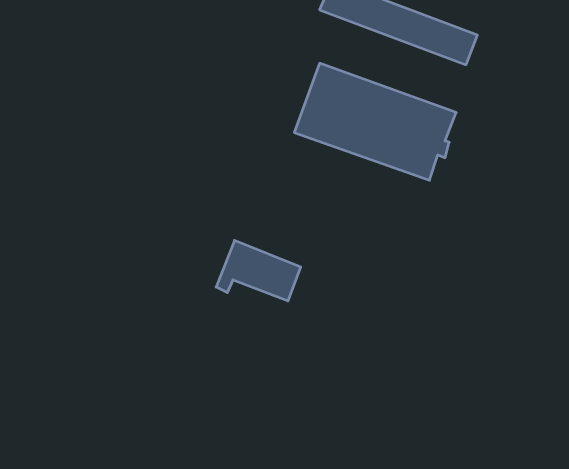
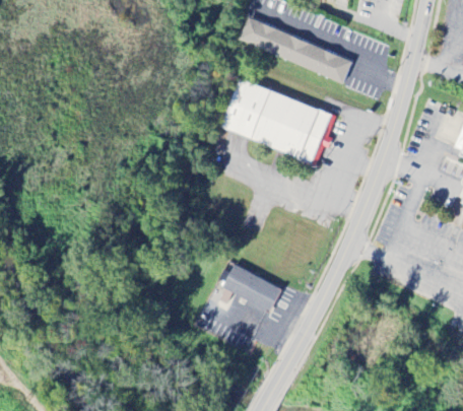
building: [216,240,301,301] -> [220,265,281,309]

